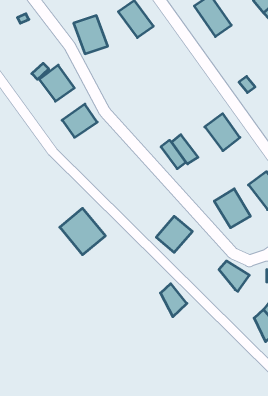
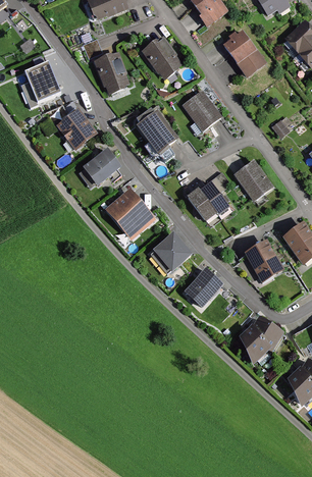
building: none -> [24,61,60,101]
building: none -> [185,90,220,128]
building: none -> [137,108,178,153]
building: none -> [152,232,191,272]
building: [60,208,105,255] -> [106,189,155,238]
building: [160,284,187,317] -> [240,326,268,362]

